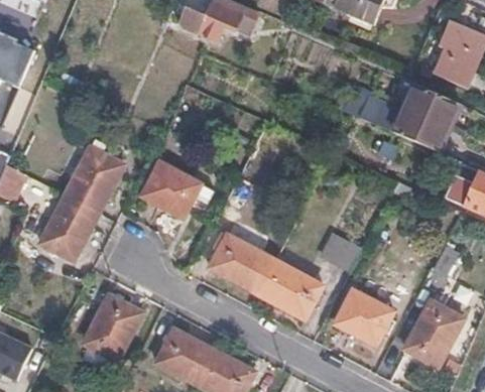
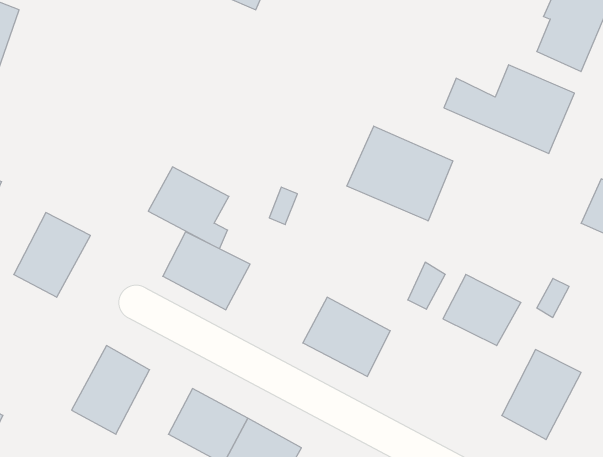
building: none -> [347,126,453,221]
building: [64,149,121,213] -> none
building: [209,235,274,293] -> [163,232,250,310]
building: [335,290,393,344] -> [443,274,521,346]

